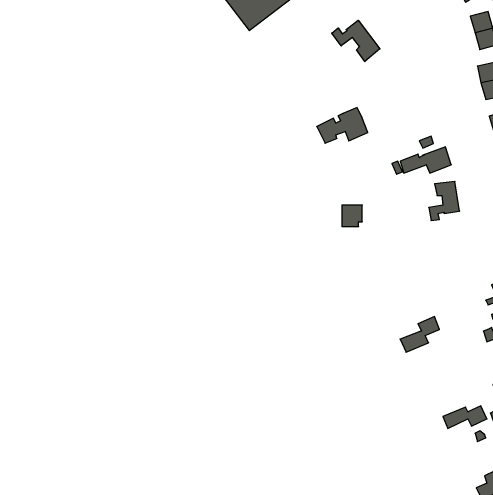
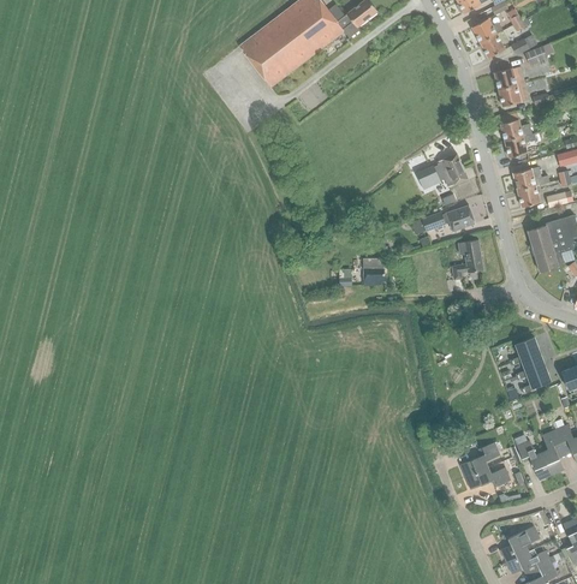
building: [332,20,380,62] -> none
building: [317,108,368,143] -> [416,153,468,189]
building: [400,317,439,352] -> [460,441,500,477]

